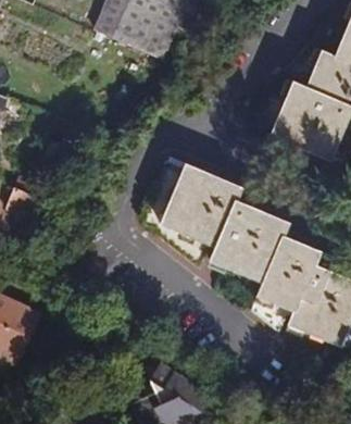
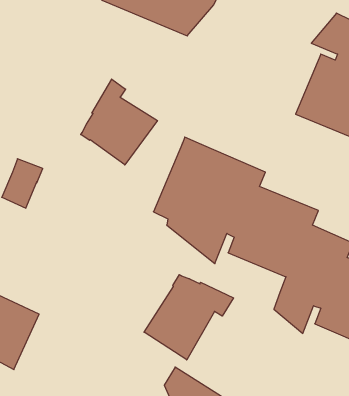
building: none -> [81,79,157,165]
building: none -> [144,275,234,360]

